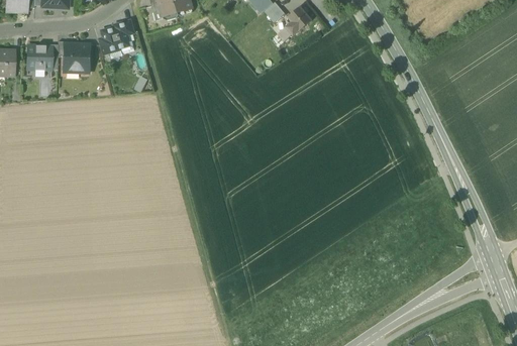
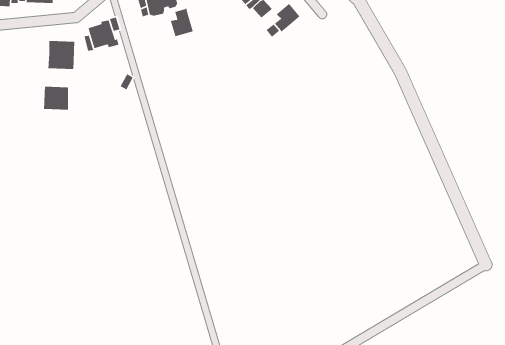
building: none -> [170,7,194,37]
building: [26,44,51,69] -> [43,86,69,111]

